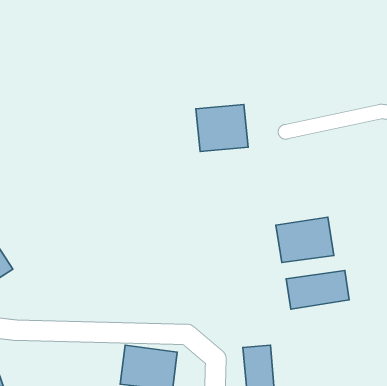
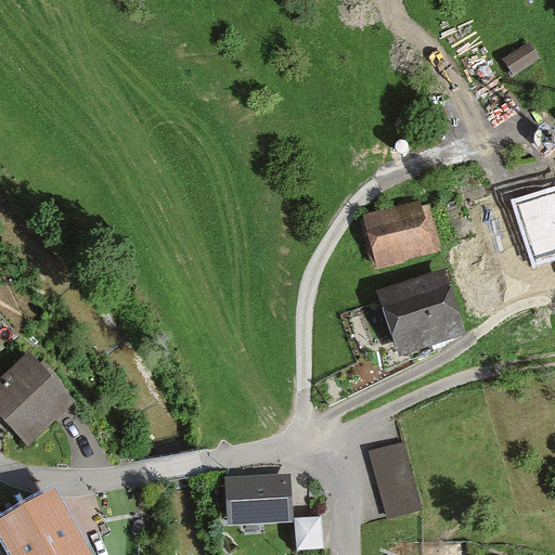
building: [196,105,248,151] -> [362,199,434,266]
building: [286,270,349,309] -> none

